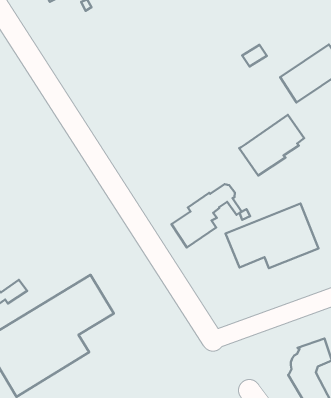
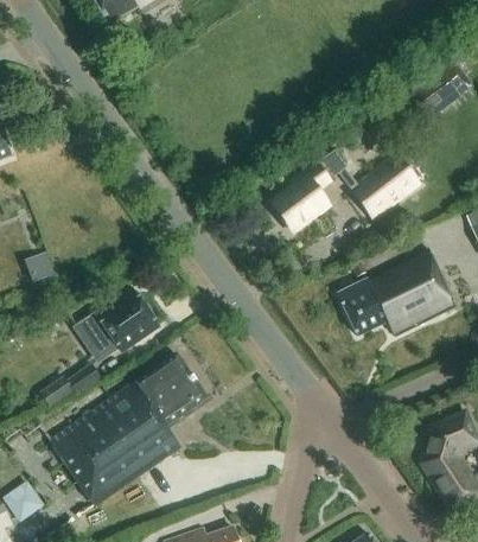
building: [171,184,241,247] -> [272,152,356,231]
building: none -> [71,293,158,363]

